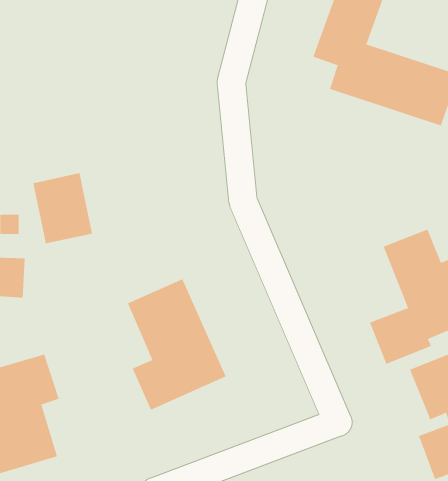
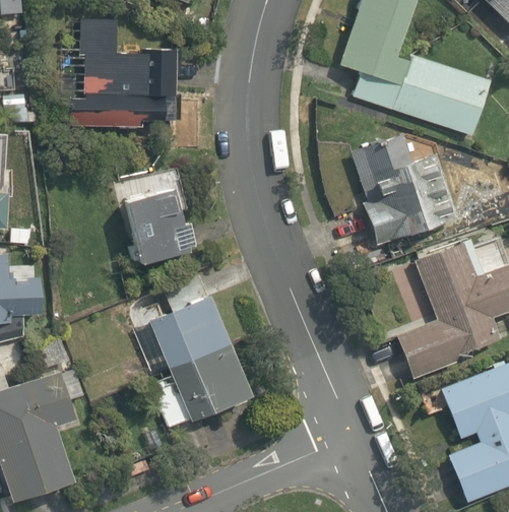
building: none -> [68,8,175,129]
building: none -> [352,128,453,245]
building: [32,172,93,244] -> [121,186,184,260]

